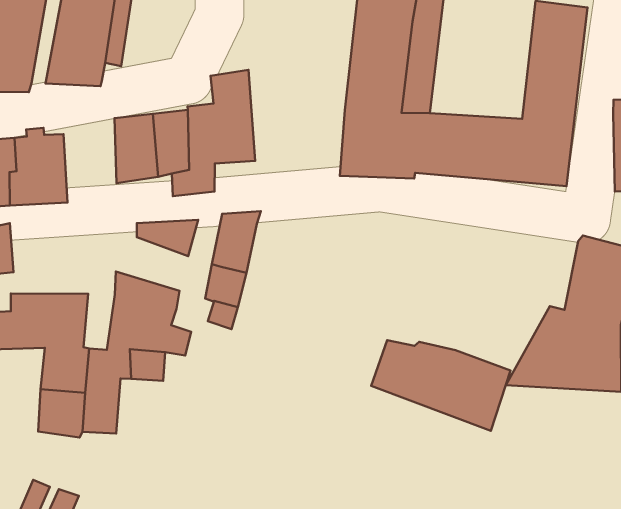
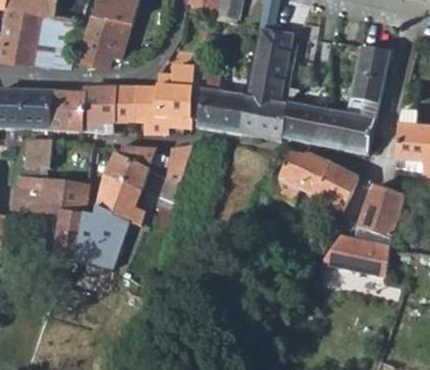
building: none -> [195,70,246,133]
building: none -> [82,86,114,132]
building: none -> [105,153,147,189]
building: [371,340,511,431] -> [277,151,357,210]

